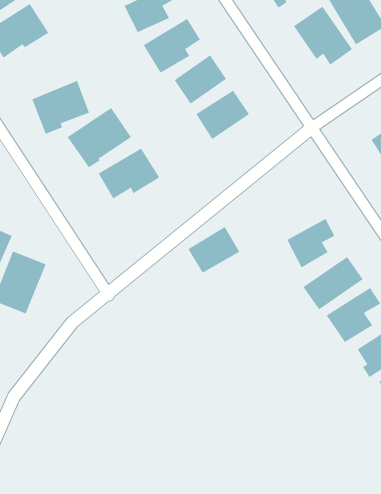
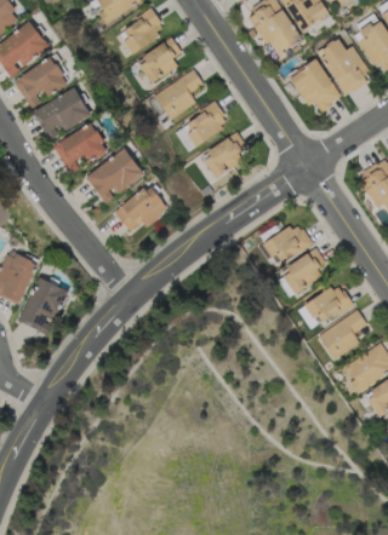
building: none -> [34,88,91,138]
building: [187,226,240,273] -> [266,222,313,264]

